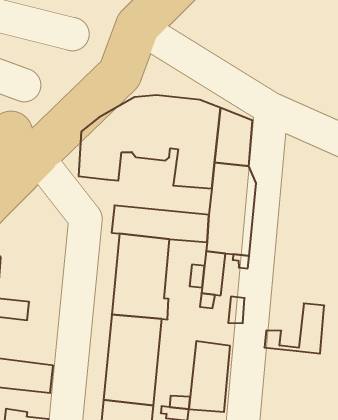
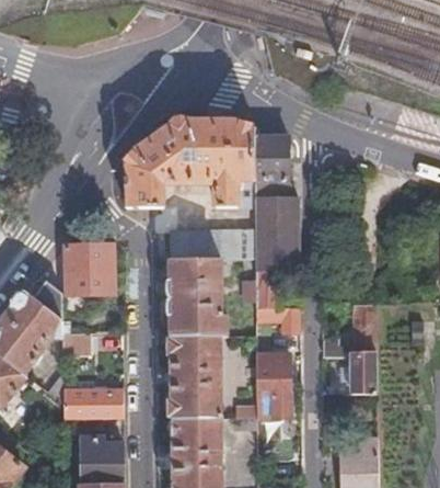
building: none -> [65,246,113,292]
building: none -> [341,352,374,394]

